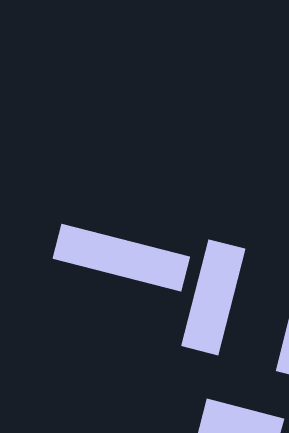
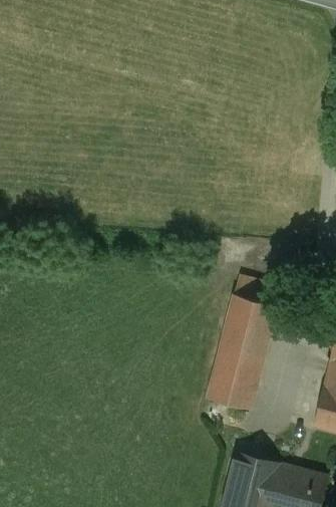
building: [52,223,191,293] -> none

